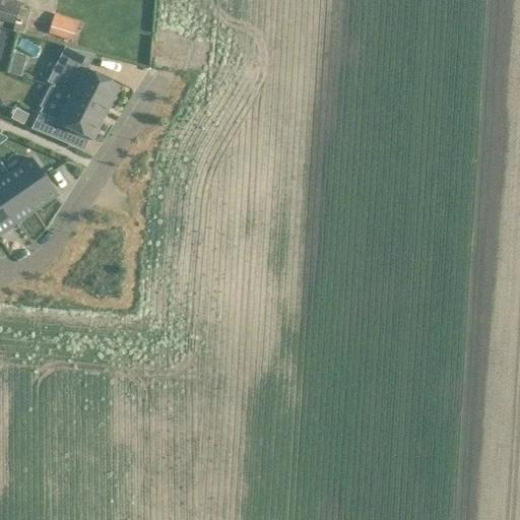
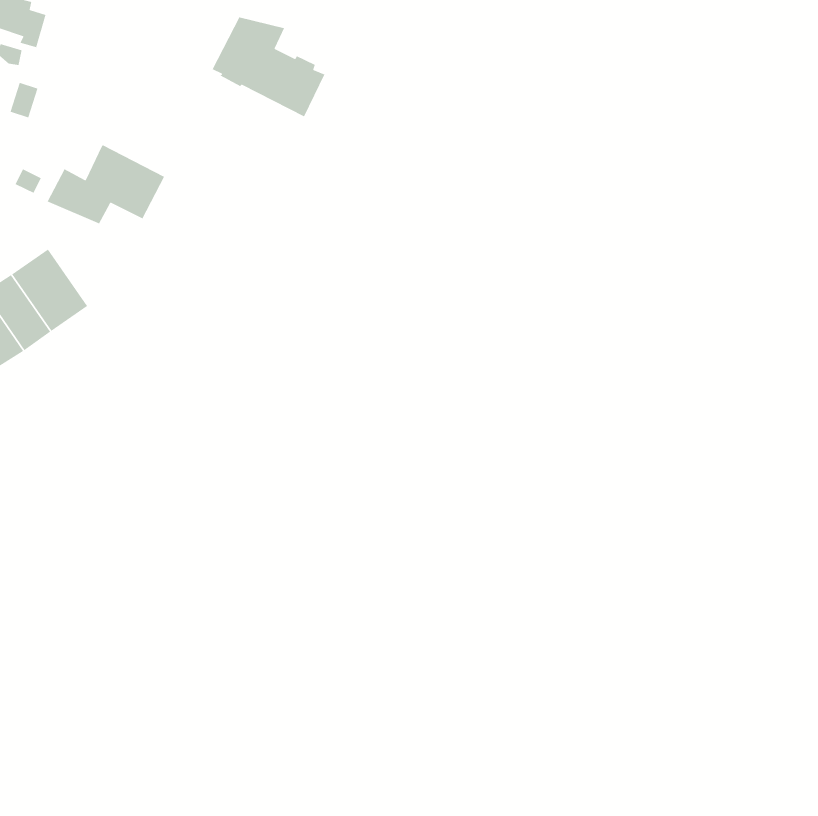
building: [47,12,77,41] -> none
building: [46,48,118,112] -> [211,17,325,118]

